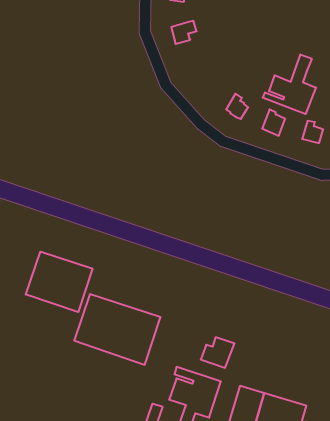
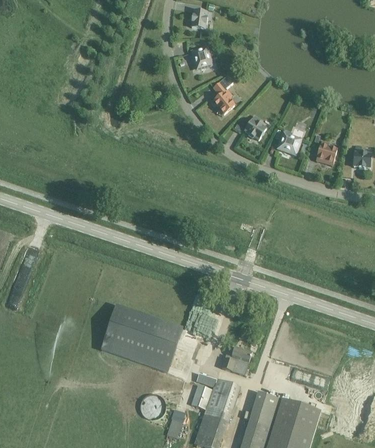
building: none -> [213,74,235,113]
building: [263,54,316,114] -> none
building: [26,252,92,312] -> none

